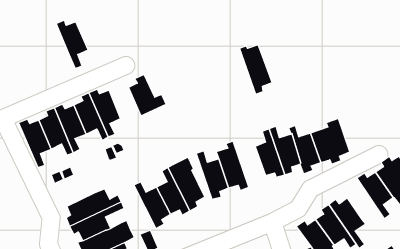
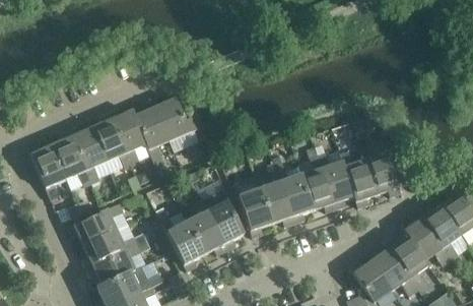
building: [57,20,88,68] -> [133,106,170,162]
building: [240,45,272,94] -> [276,166,314,223]
building: none -> [68,203,123,245]
building: none -> [404,212,451,264]

